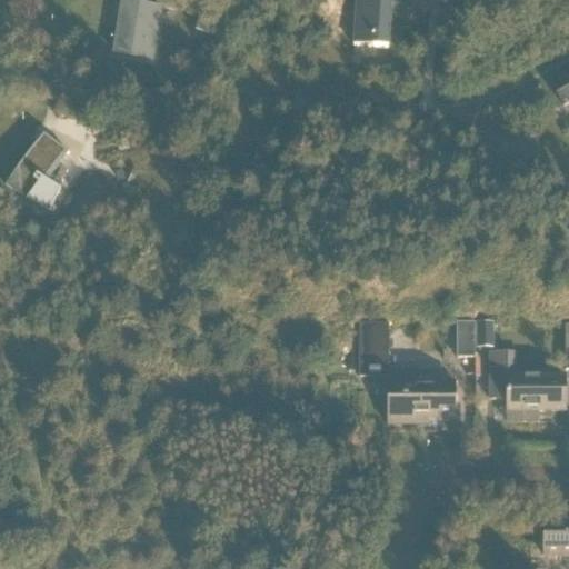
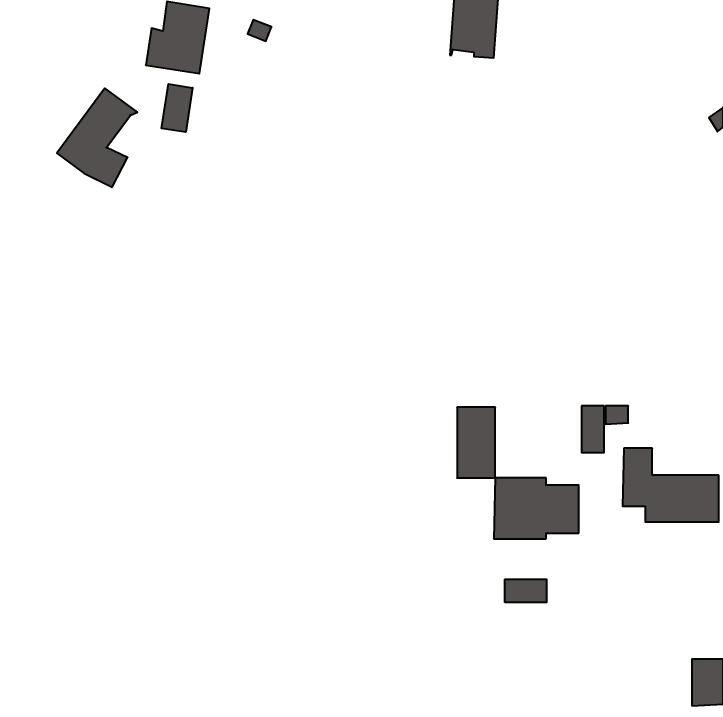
building: none -> [162,84,193,132]
building: [6,132,69,210] -> [57,88,137,187]
building: none -> [505,579,547,602]

